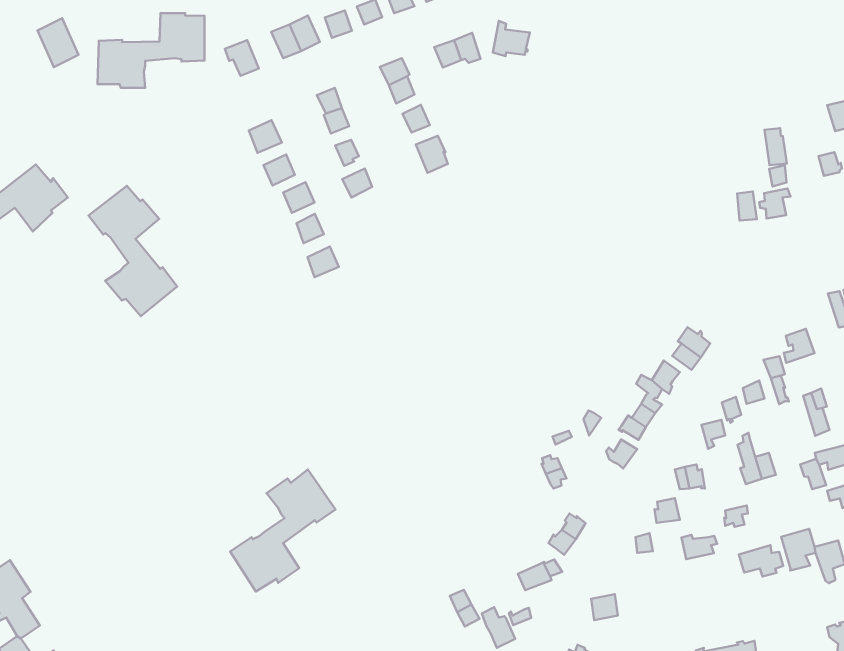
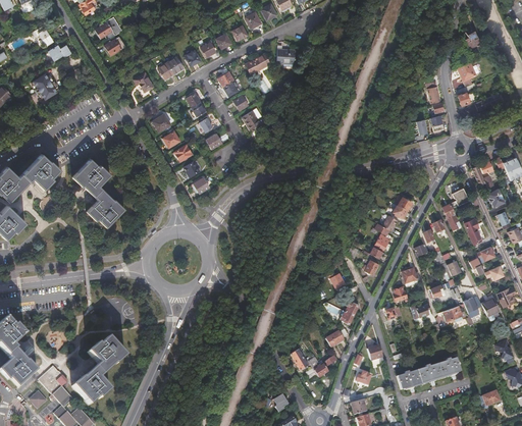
building: [98,13,205,88] -> none
building: [230,470,335,591] -> [72,336,125,405]

